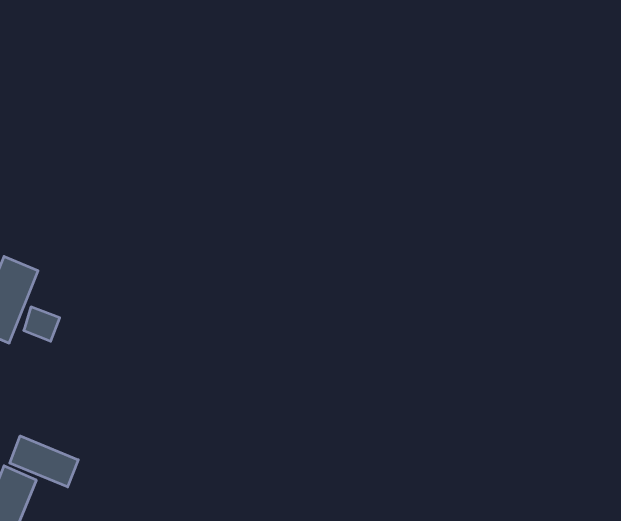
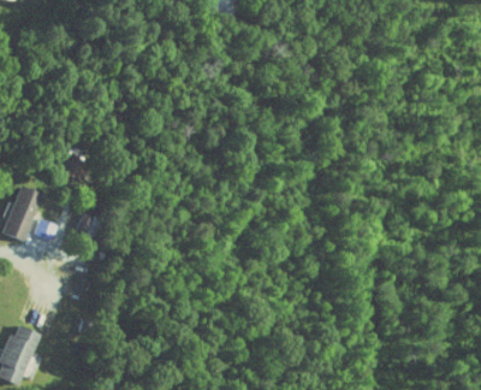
building: [10,436,78,487] -> none

